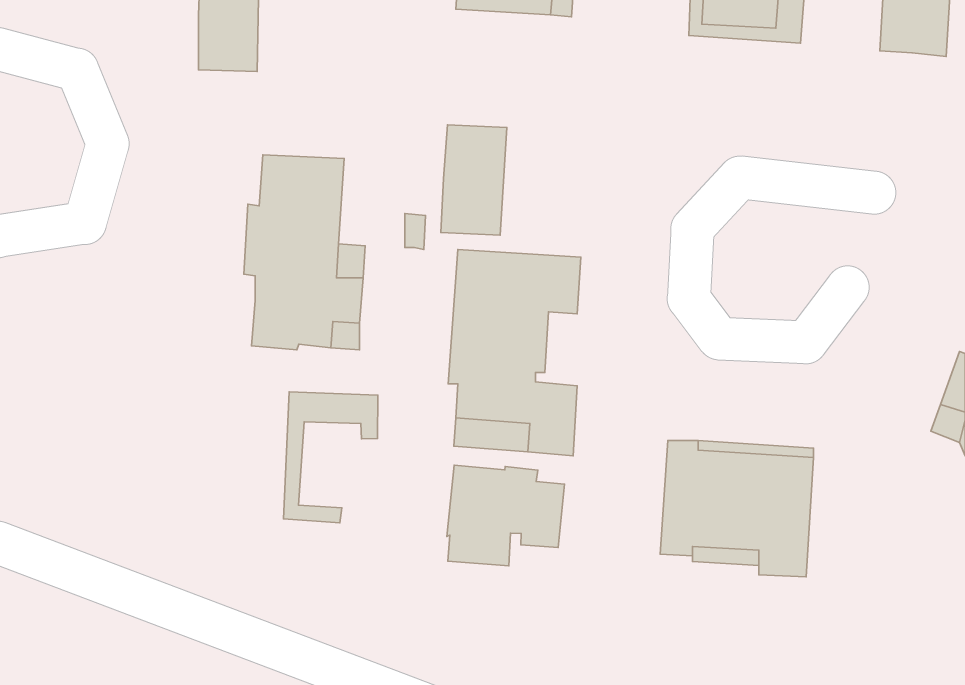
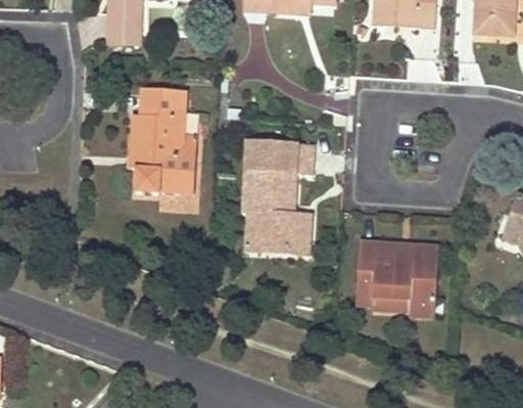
building: [441,125,507,235] -> none
building: [283,392,378,523] -> none
building: [447,465,564,566] -> none

